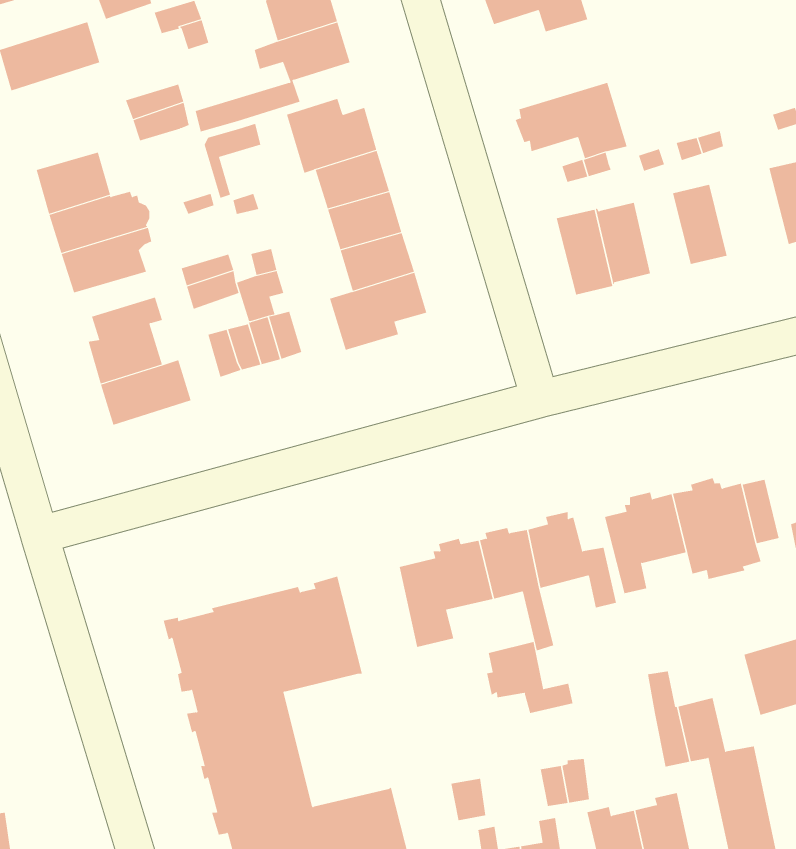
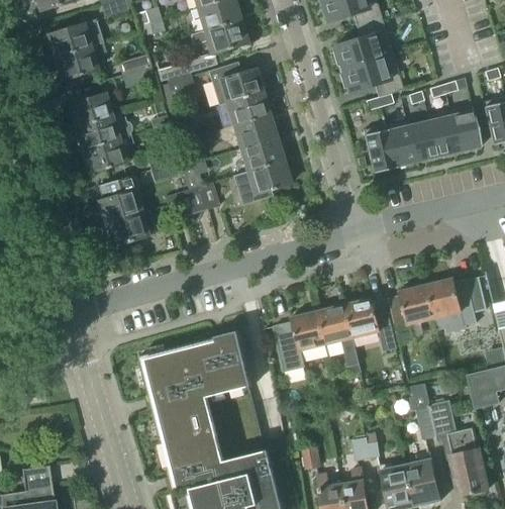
building: none -> [332,18,391,69]
building: none -> [54,42,107,82]
building: none -> [448,106,480,151]
building: none -> [406,116,437,162]
building: [486,641,573,714] -> none

